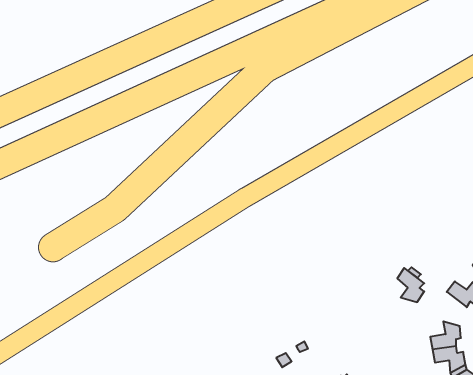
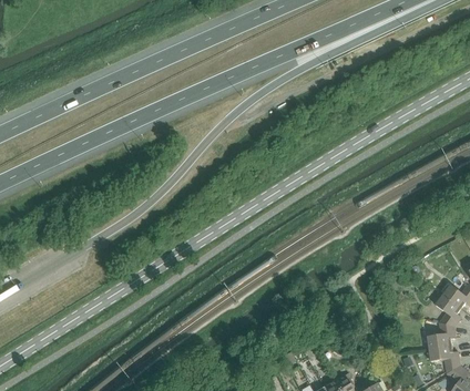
building: [397,268,424,302] -> [438,296,463,328]

